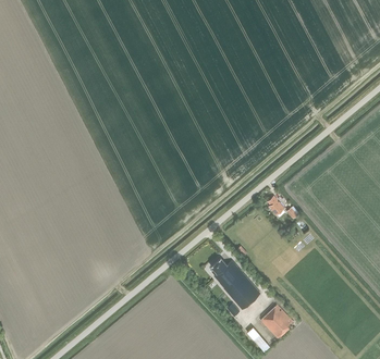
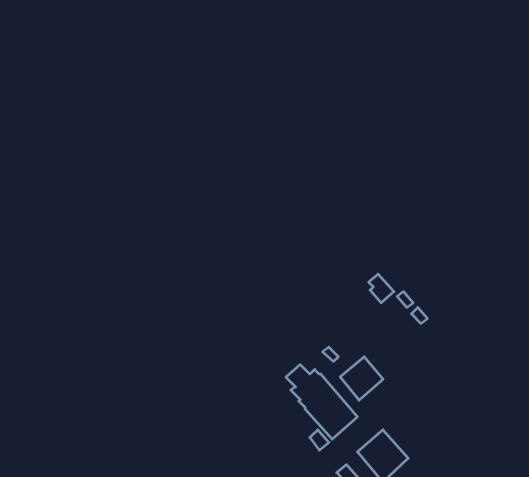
building: none -> [340,357,383,400]

